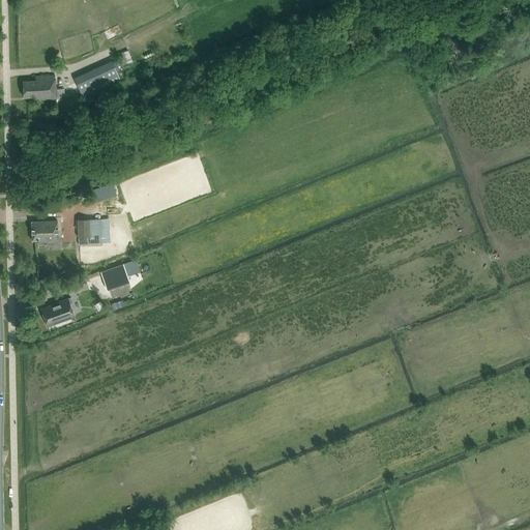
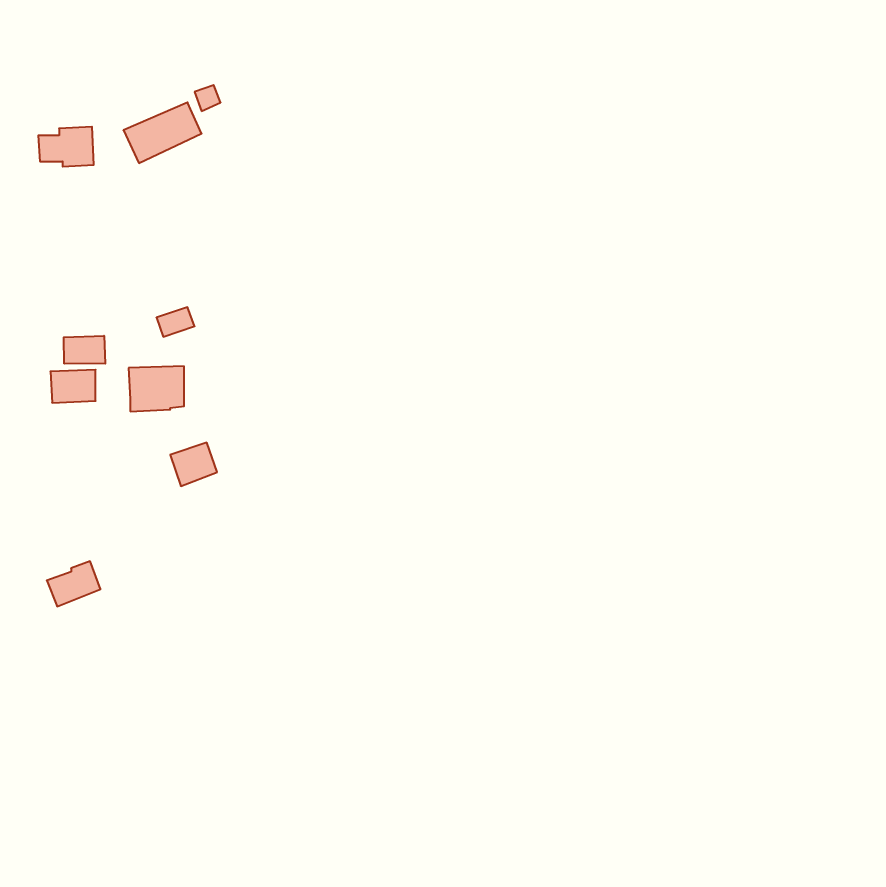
building: none -> [64,336,105,364]
building: [42,298,75,325] -> [47,561,101,606]

